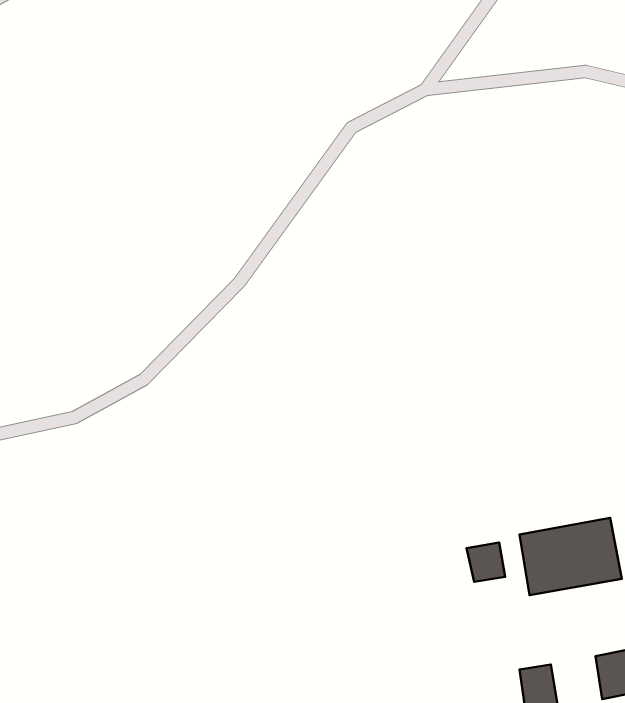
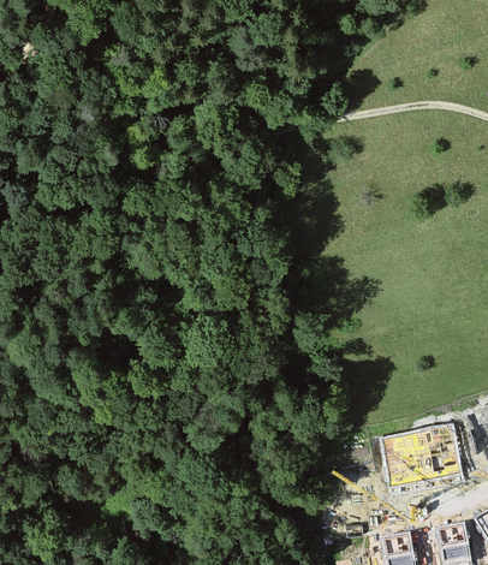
building: [467,543,505,582] -> none

